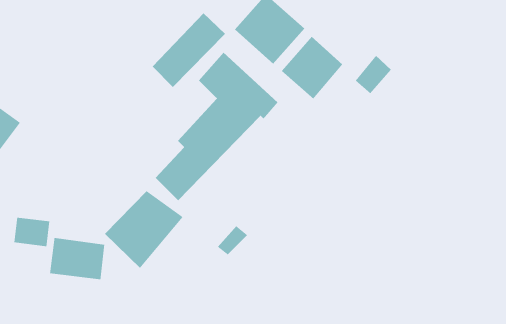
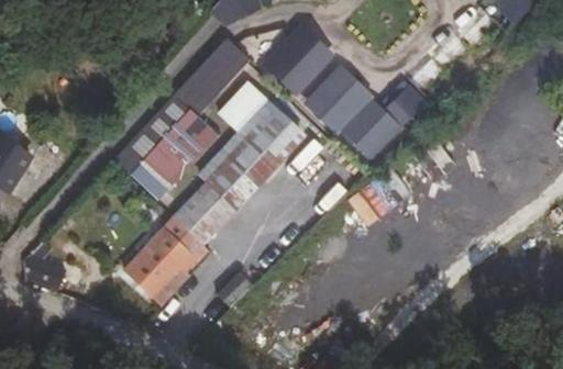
building: none -> [115,97,218,199]
building: none -> [346,103,400,158]
building: [49,237,105,280] -> none

